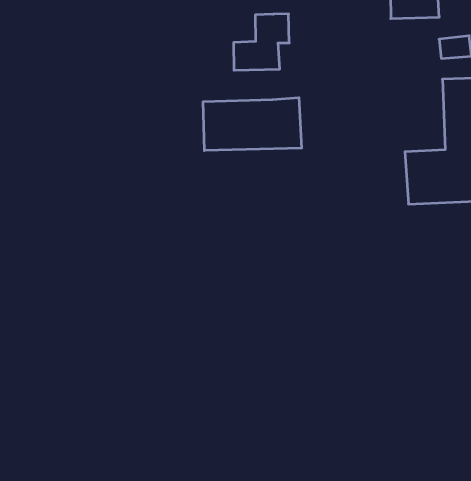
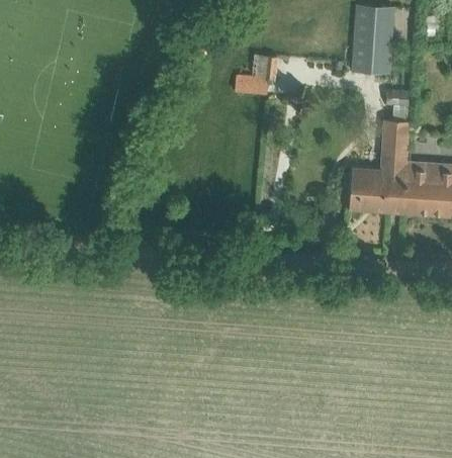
building: [203,98,302,151] -> none

